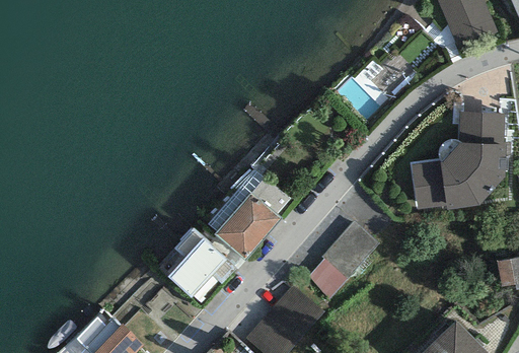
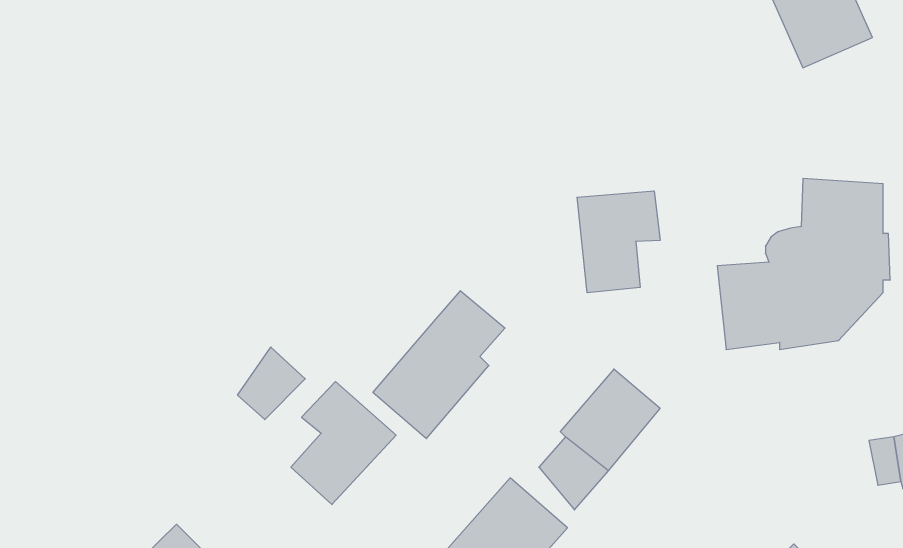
building: none -> [577,191,660,293]
building: none -> [238,347,305,420]

